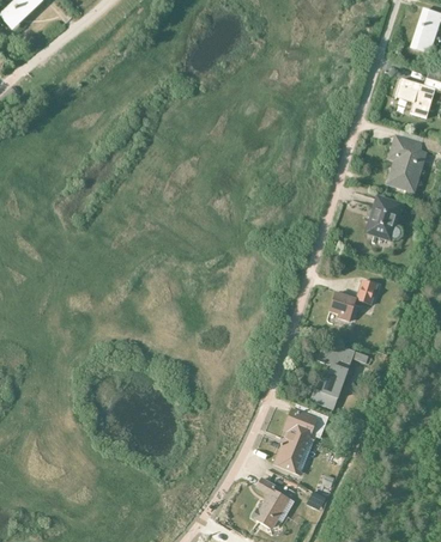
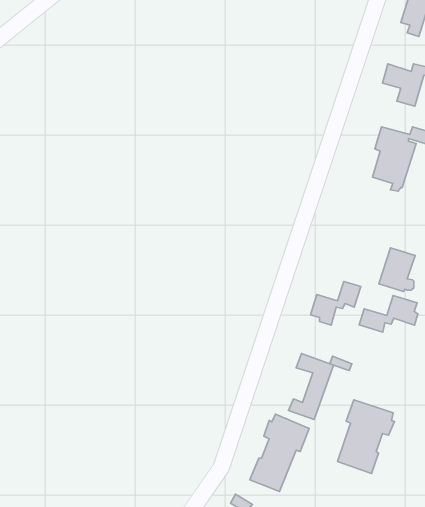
building: [367,197,400,238] -> [379,248,415,292]
building: none -> [359,295,418,332]
building: none -> [338,400,395,474]

